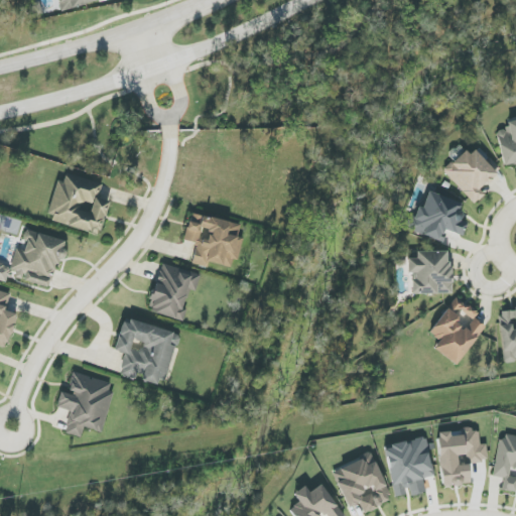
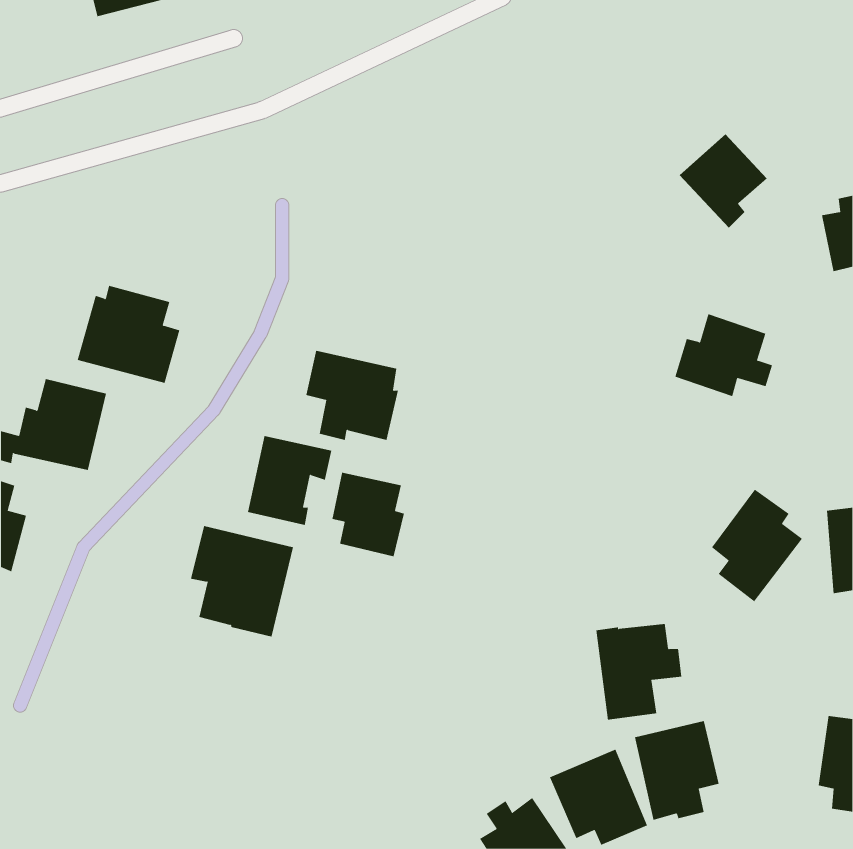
building: [443,145,497,203] -> [679,134,767,229]
building: [407,249,450,292] -> none
building: none -> [332,472,404,557]
building: [56,371,113,435] -> none
building: [435,427,488,486] -> [595,624,682,720]

